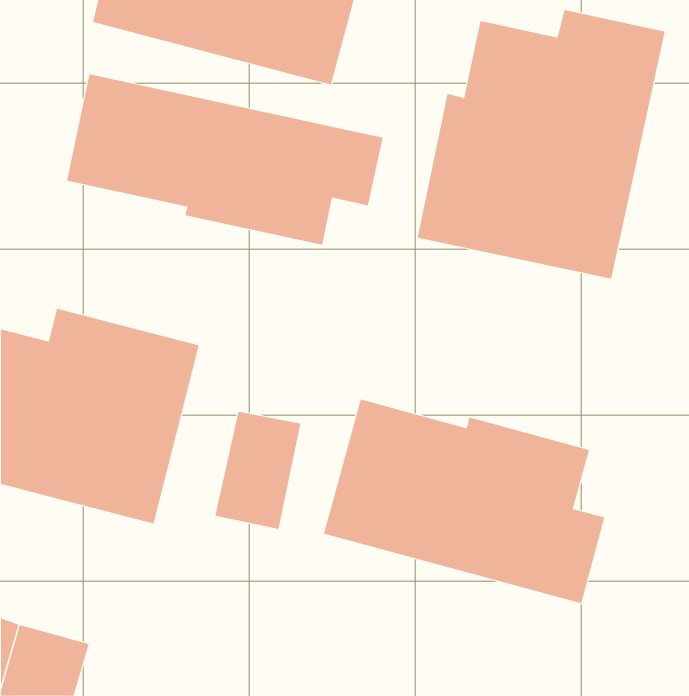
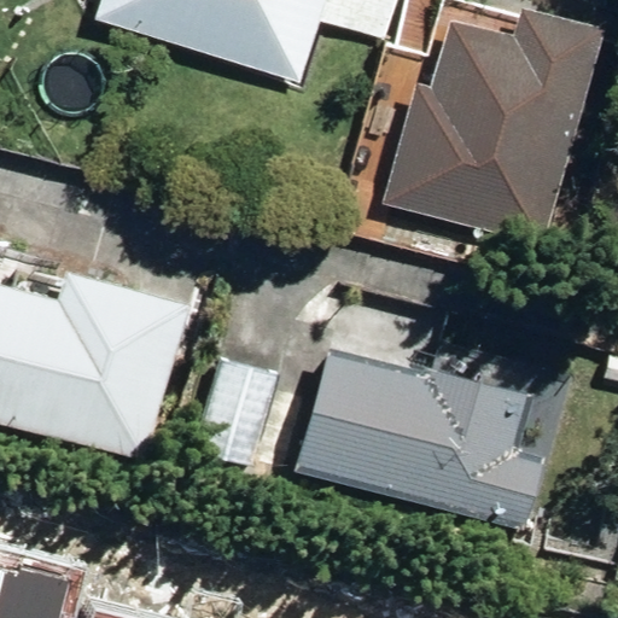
building: [66,74,383,245] -> none

